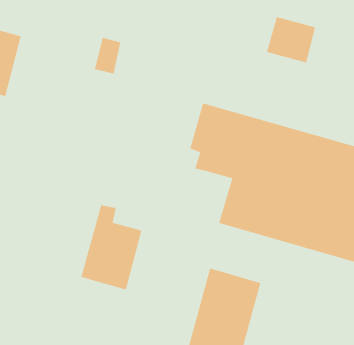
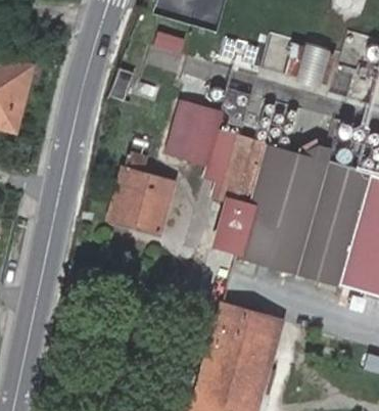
building: none -> [164,102,224,168]
building: none -> [212,203,249,253]
building: [81,205,142,290] -> [111,145,175,233]

